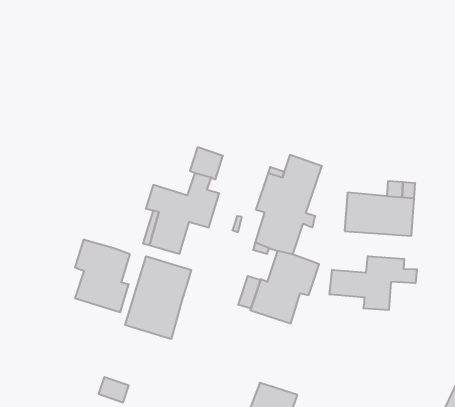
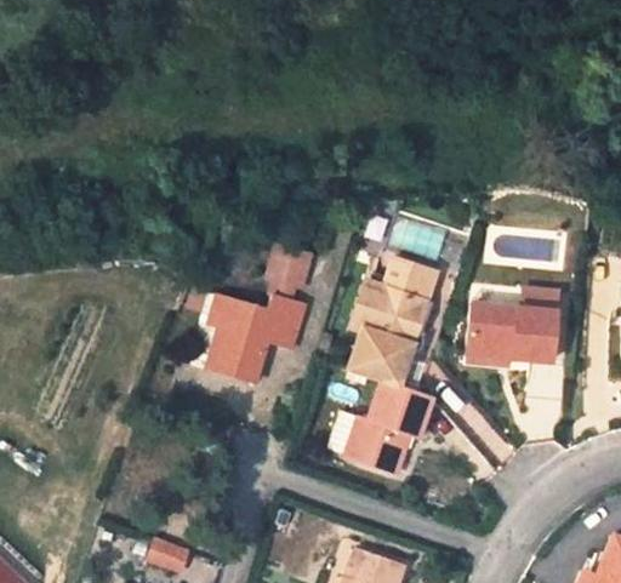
building: [75,239,130,312] -> none
building: [330,256,417,310] -> none
building: [125,256,191,339] -> none

